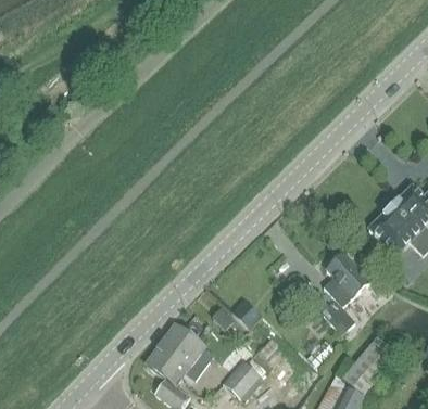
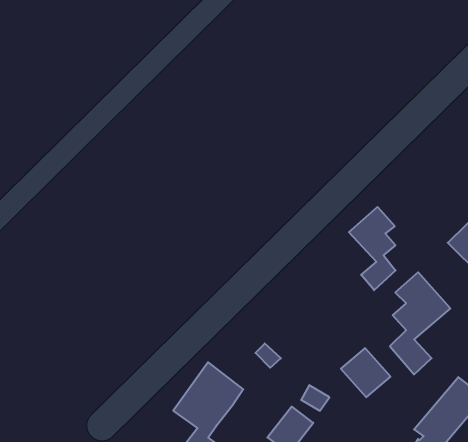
building: none -> [349,207,396,290]
building: none -> [341,348,390,397]

